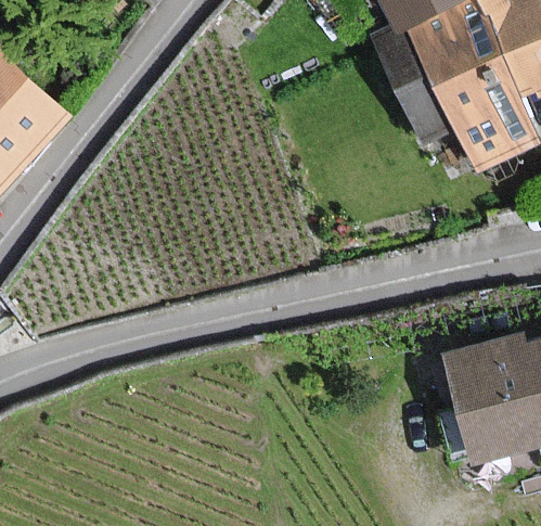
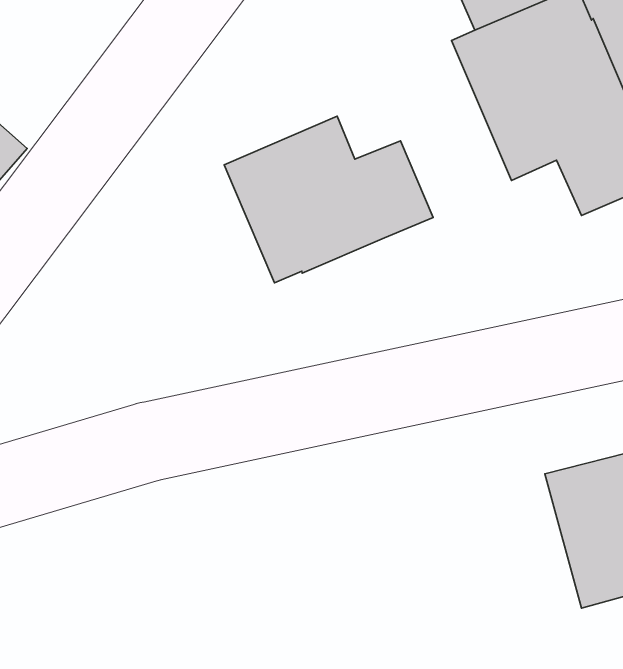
building: none -> [224,116,433,283]

